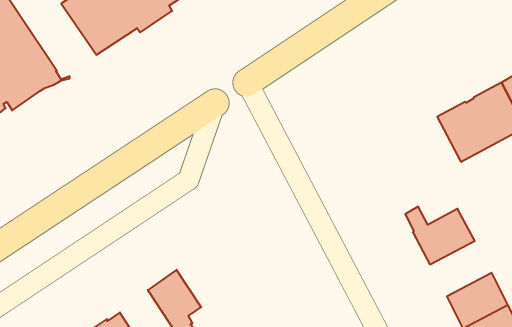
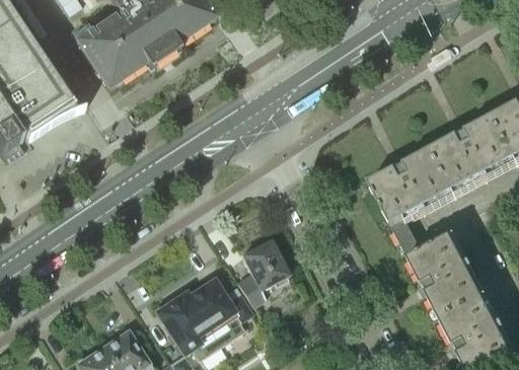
building: none -> [370,148,454,240]
building: none -> [237,240,289,307]
building: none -> [425,266,484,318]
building: none -> [184,280,250,328]

